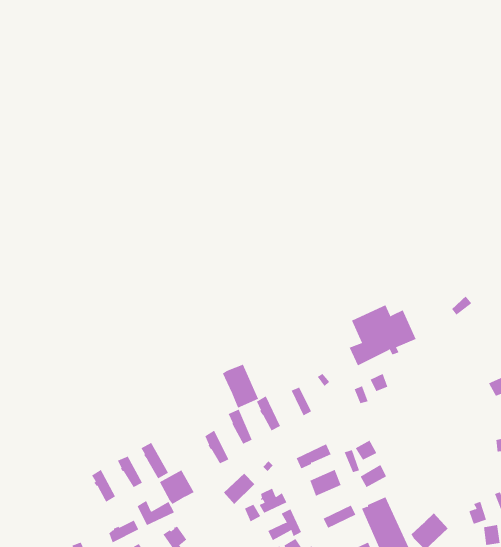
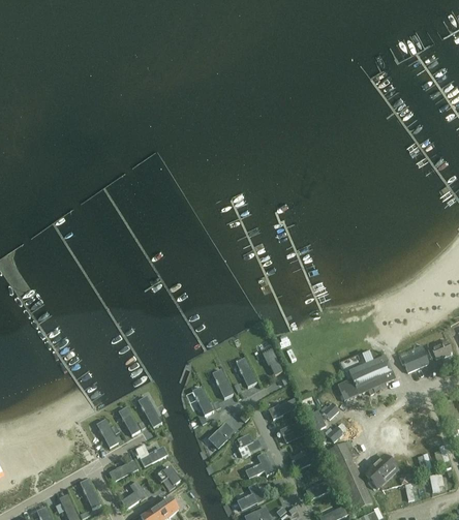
building: [349,305,417,366] -> [338,349,395,401]
building: [222,364,259,409] -> none
building: none -> [397,344,426,365]
building: [159,470,195,505] -> none

